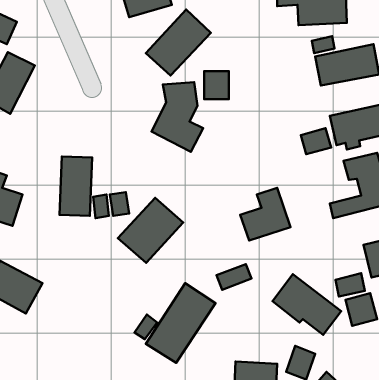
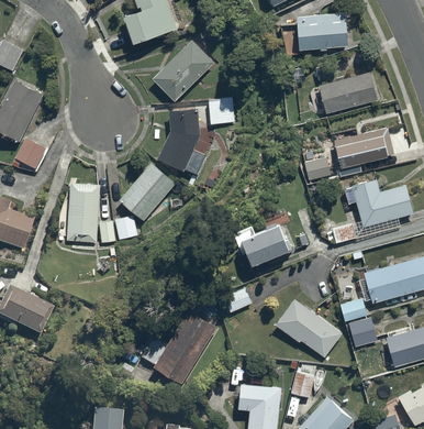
building: none -> [14,136,48,172]
building: [118,198,183,263] -> [118,161,181,224]

